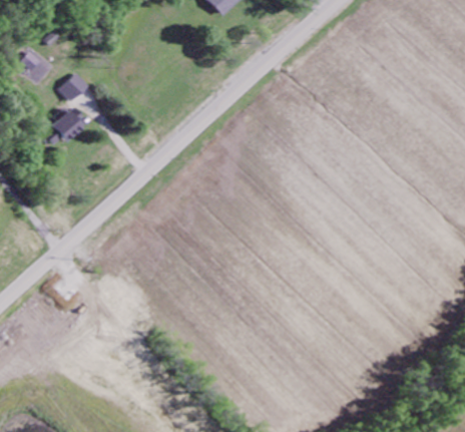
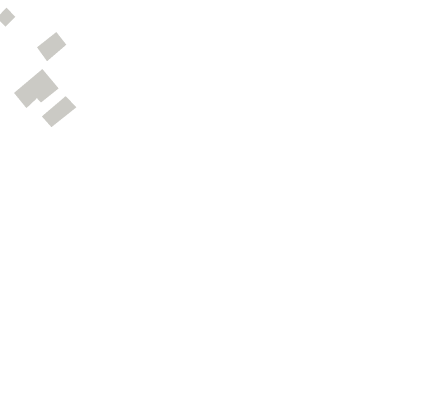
building: none -> [41,95,77,128]

